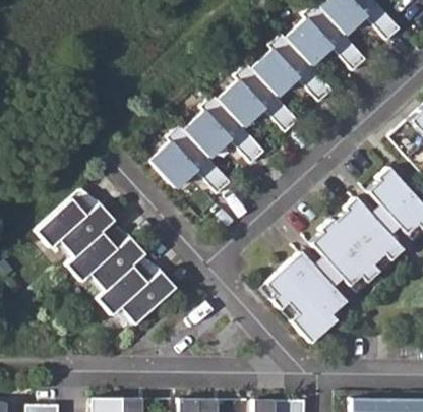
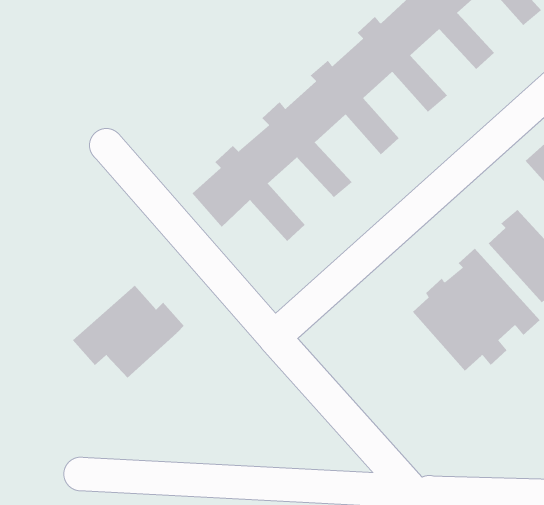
building: [38,191,118,257] -> none
building: [268,250,348,342] -> none
building: [100,259,180,326] -> none

